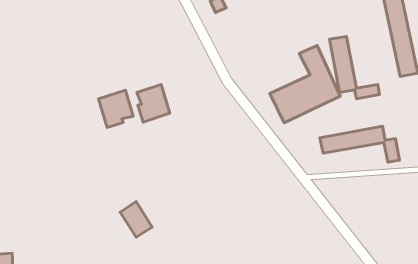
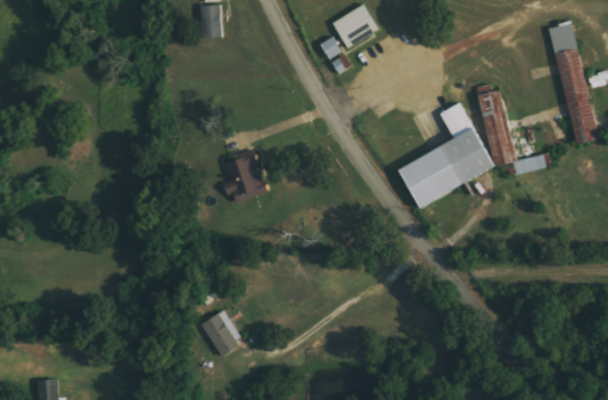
building: [99,90,133,128] -> none
building: [320,126,399,162] -> none

